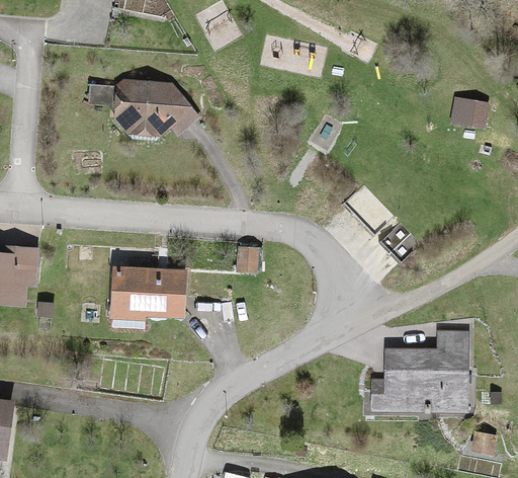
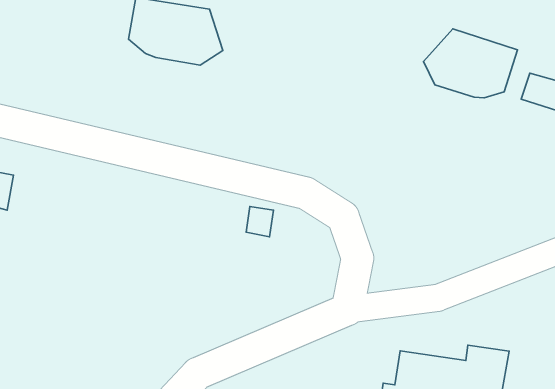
building: none -> [423,29,517,98]
building: [110,266,181,316] -> none

